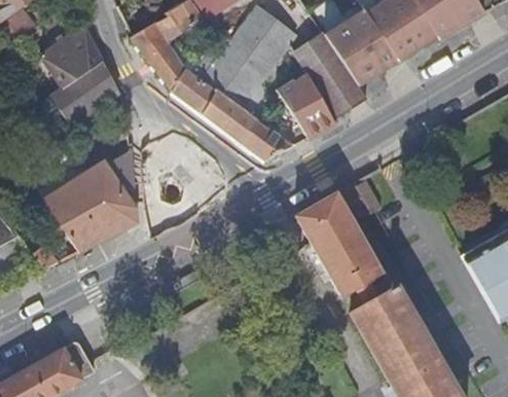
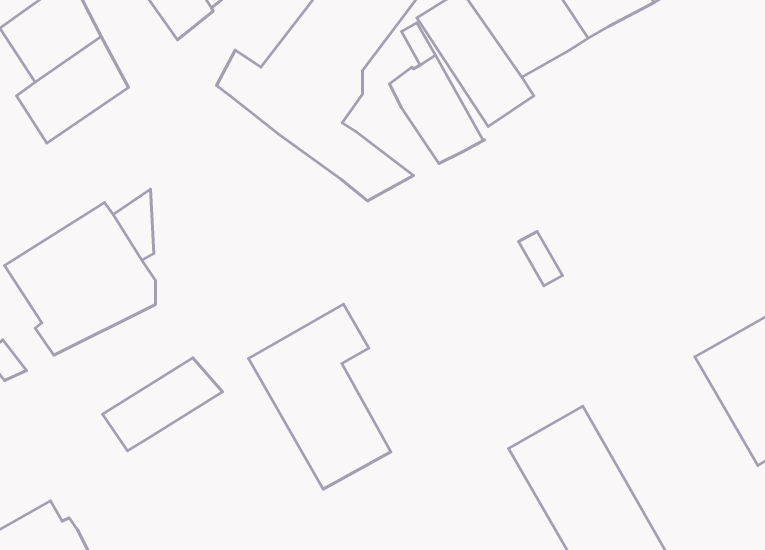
building: [150,45,185,92] -> none
building: [292,183,378,295] -> [248,304,391,489]
building: none -> [103,358,223,451]

